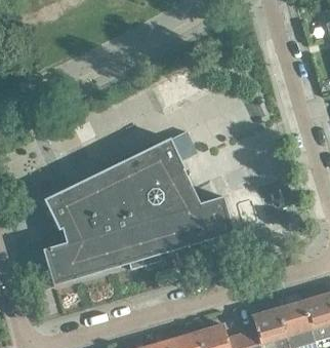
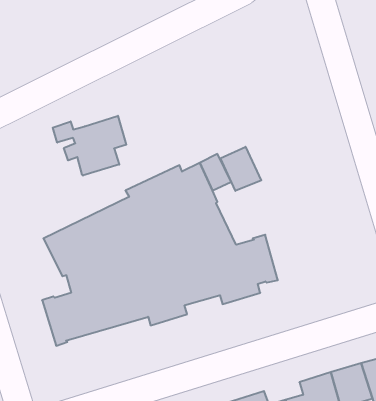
building: none -> [53,116,126,176]
building: none -> [220,147,261,191]

